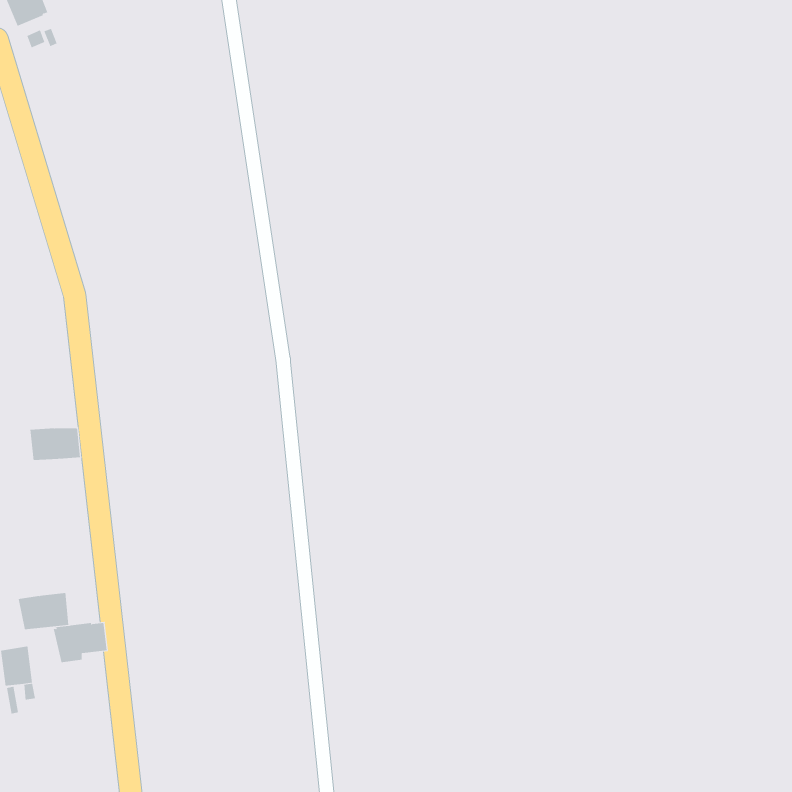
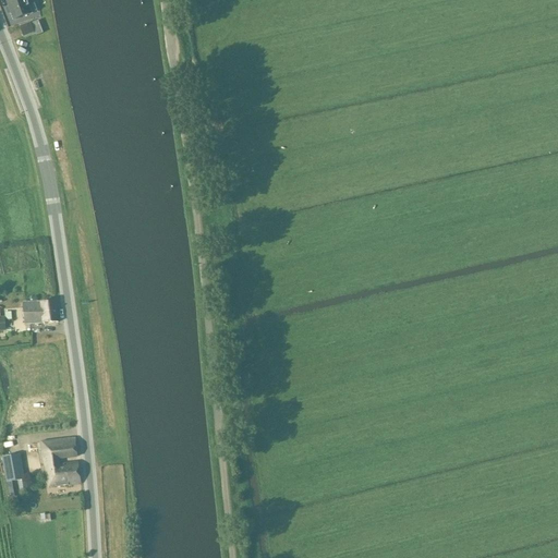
building: [18,593,69,630] -> [43,460,78,486]

